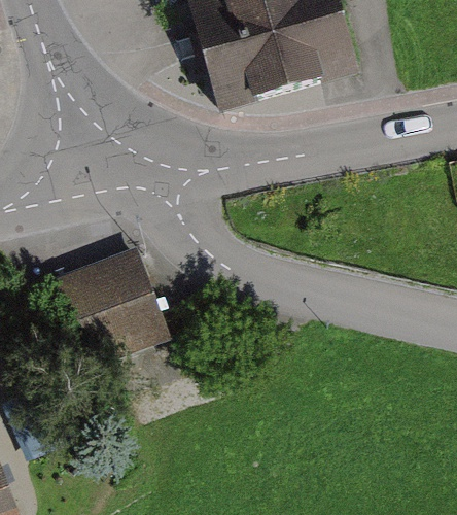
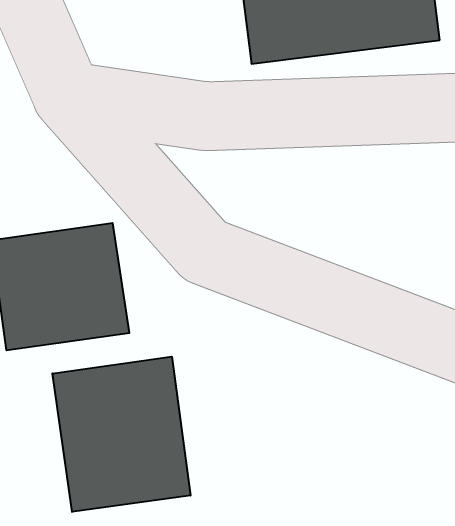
building: none -> [52,357,190,512]

